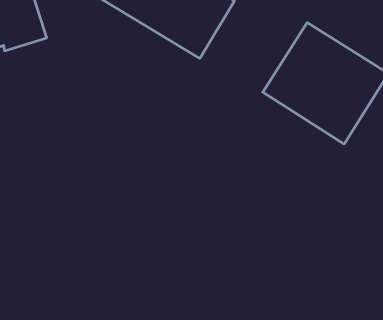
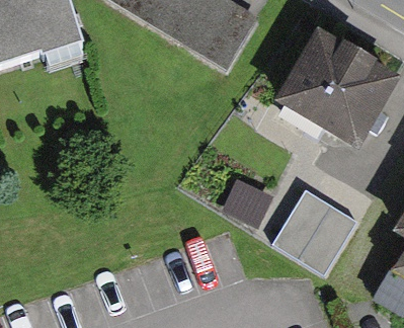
building: none -> [267,183,358,275]

